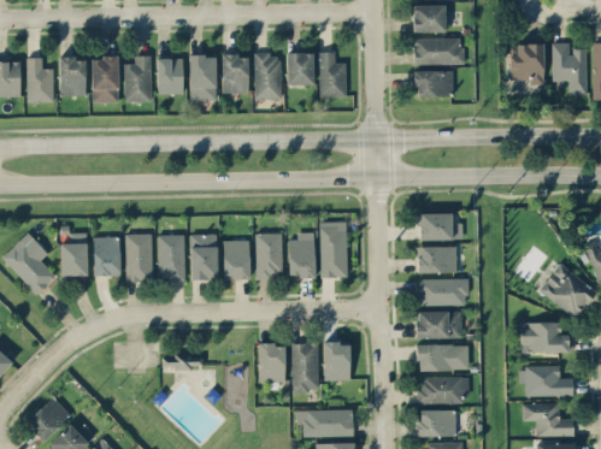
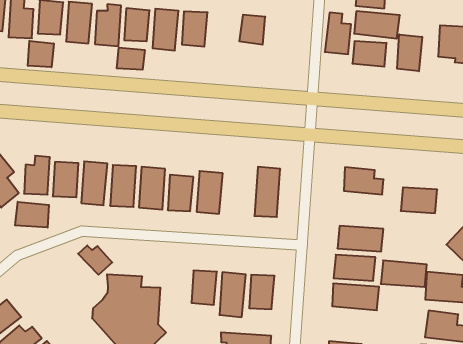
building: [319,52,346,96] -> [325,13,351,54]
building: [254,54,281,99] -> none
building: none -> [397,34,422,71]
building: none -> [117,48,145,70]
building: none -> [28,41,54,67]
building: [289,232,316,276] -> none
building: [418,246,456,273] -> [401,187,437,213]
building: none -> [15,202,49,228]
building: none -> [78,245,112,275]
building: [418,377,467,403] -> [381,260,427,287]

